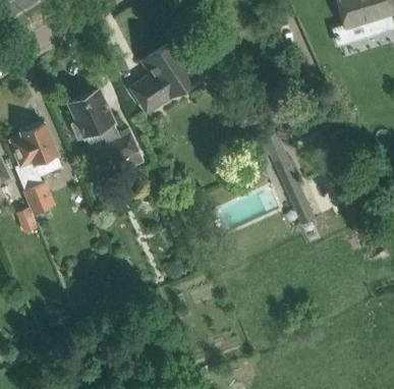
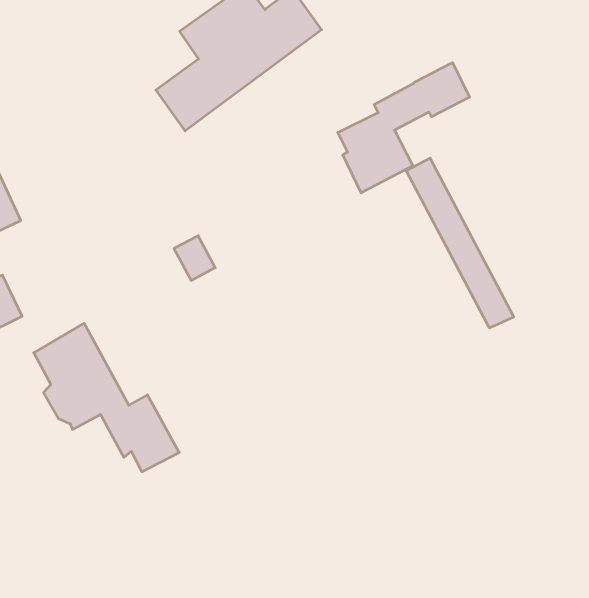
building: none -> [338,63,470,193]
building: [69,90,144,170] -> [34,323,179,472]

